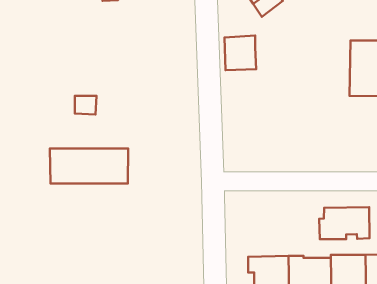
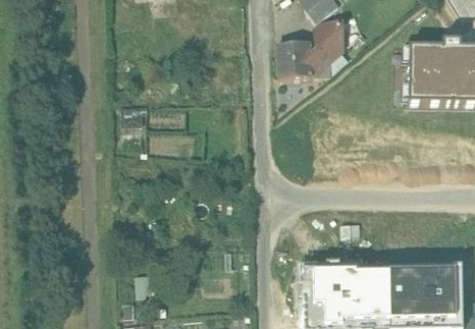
building: none -> [309,22,344,75]
building: [50,148,128,184] -> none
building: [319,207,370,239] -> none

